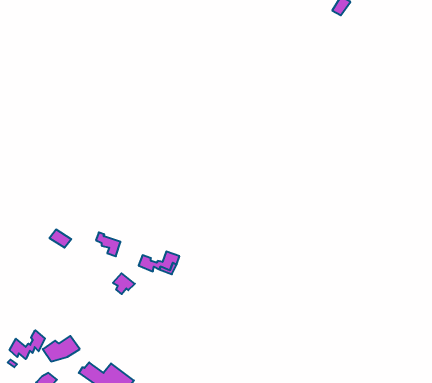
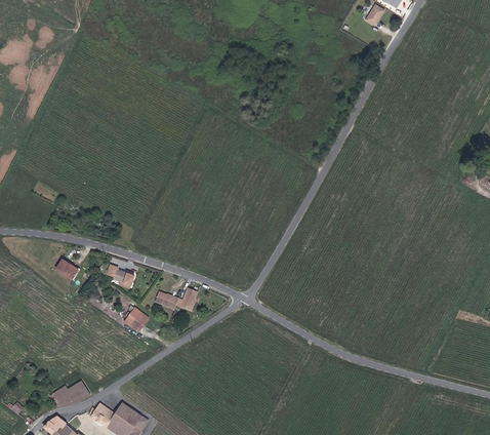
building: [10,330,45,359] -> none

